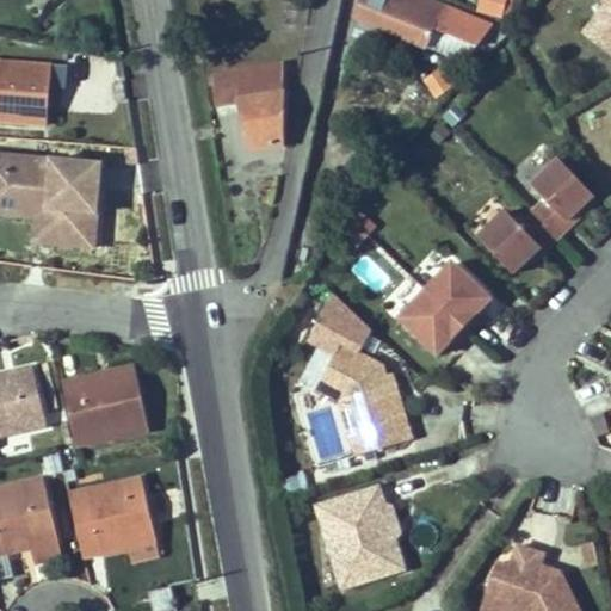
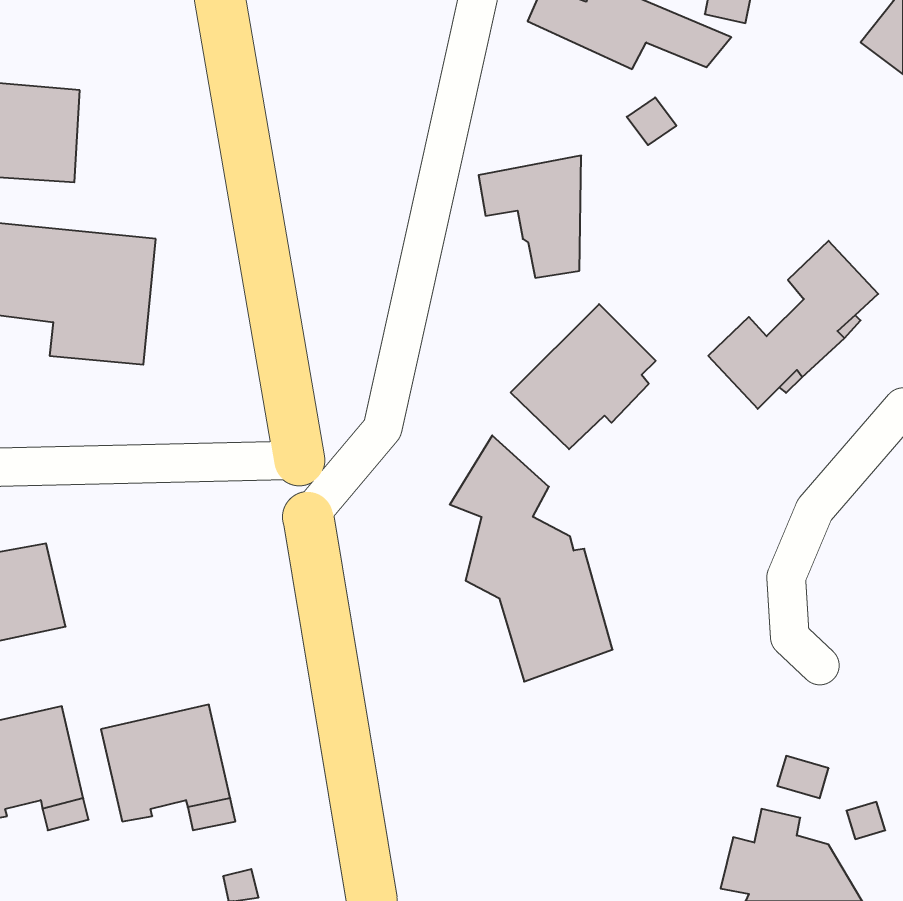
building: [211,63,280,146] -> [479,156,581,278]
building: [394,258,492,356] -> [511,304,656,449]
building: [62,364,146,442] -> none
building: [315,489,402,591] -> none

